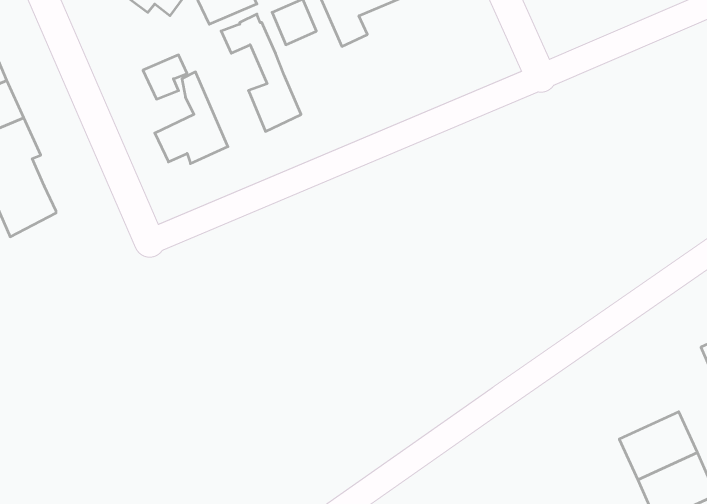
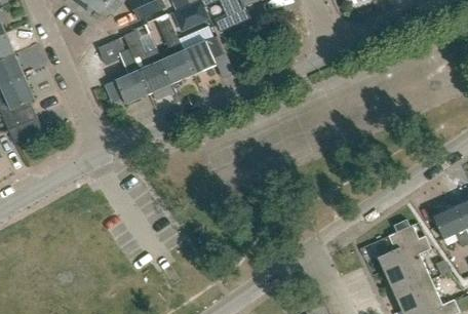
building: none -> [122,24,170,93]
building: none -> [177,33,224,74]
building: none -> [378,219,431,270]

